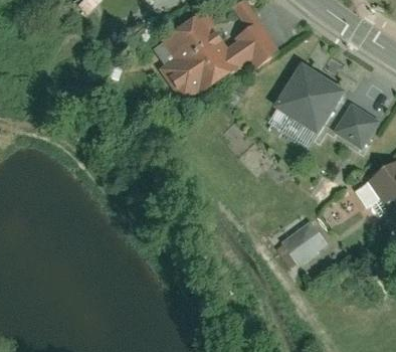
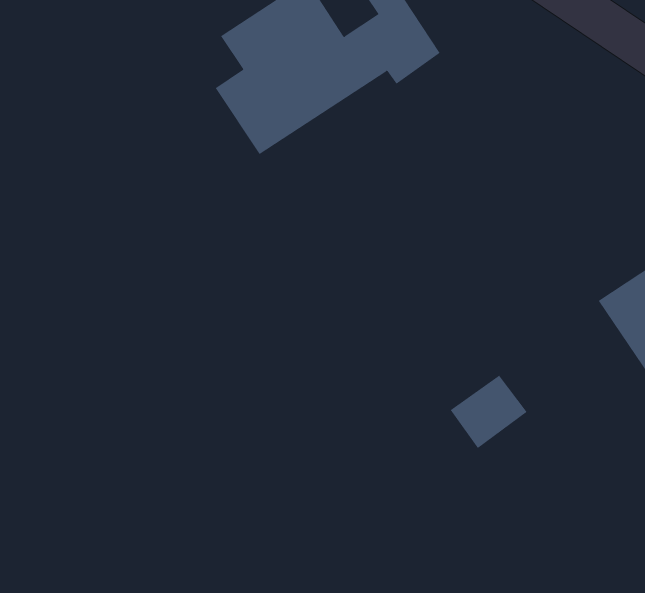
building: [275,65,345,134] -> none
building: [334,103,379,148] -> none

